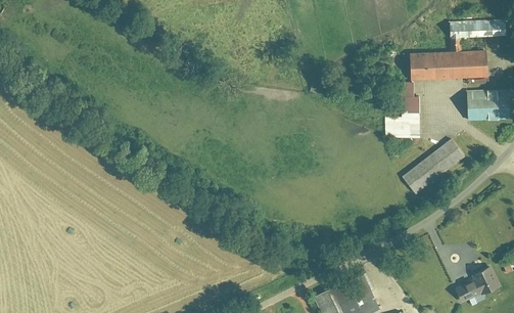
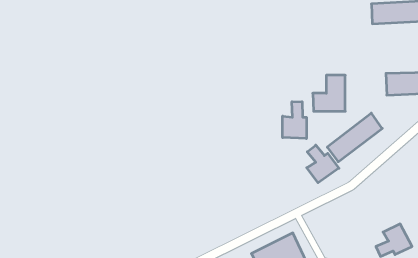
building: [409,43,496,82] -> none
building: none -> [283,102,306,139]
building: none -> [307,145,339,183]

